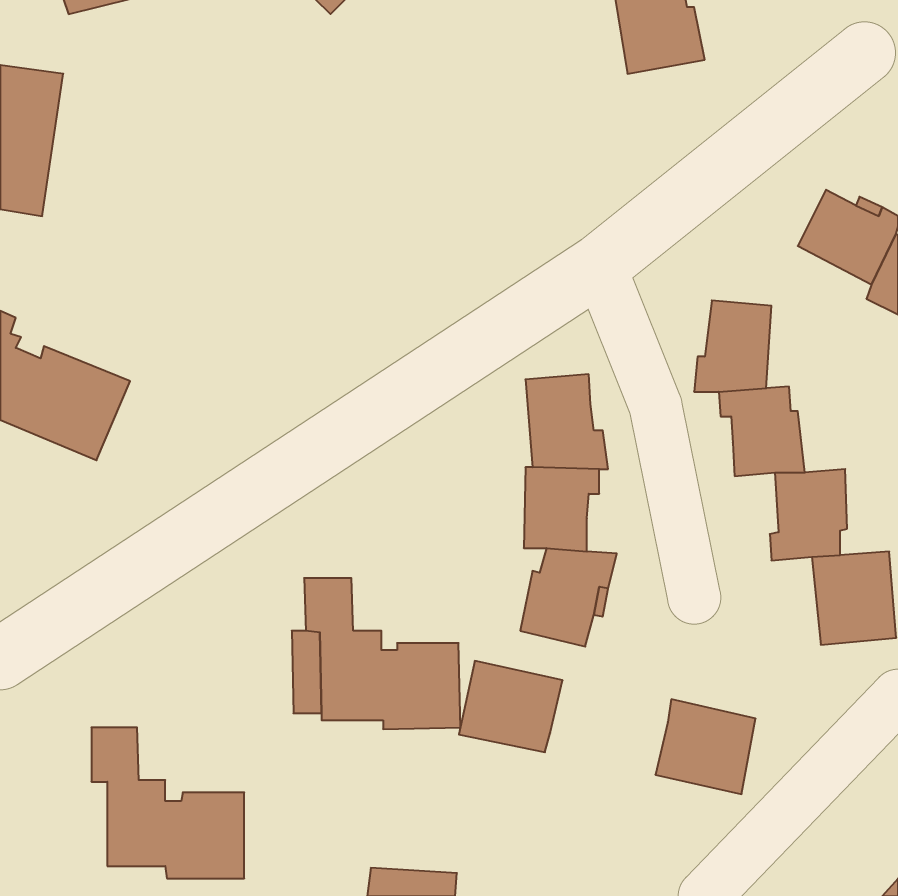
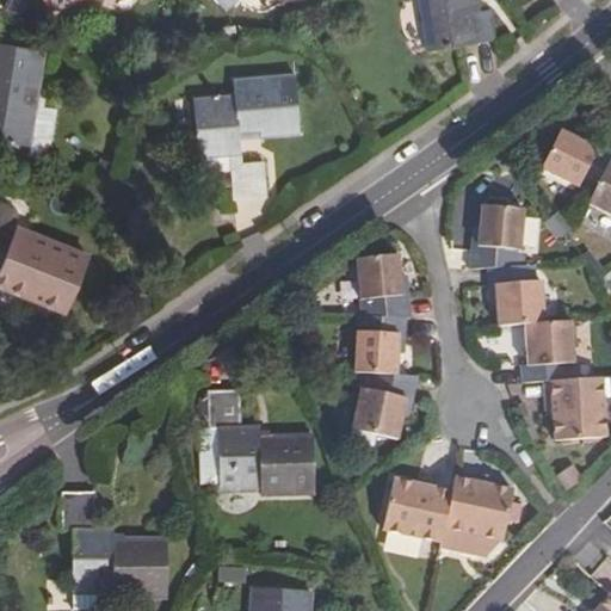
building: none -> [192,76,298,199]
building: [459,661,563,752] -> [383,477,453,539]

